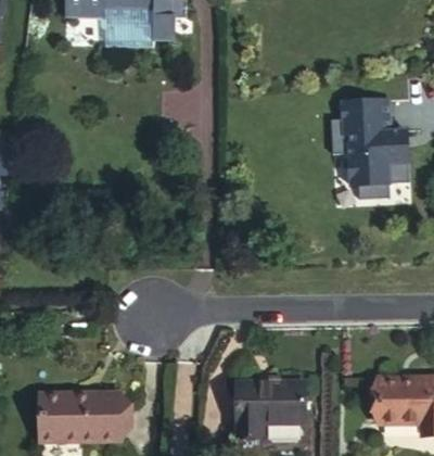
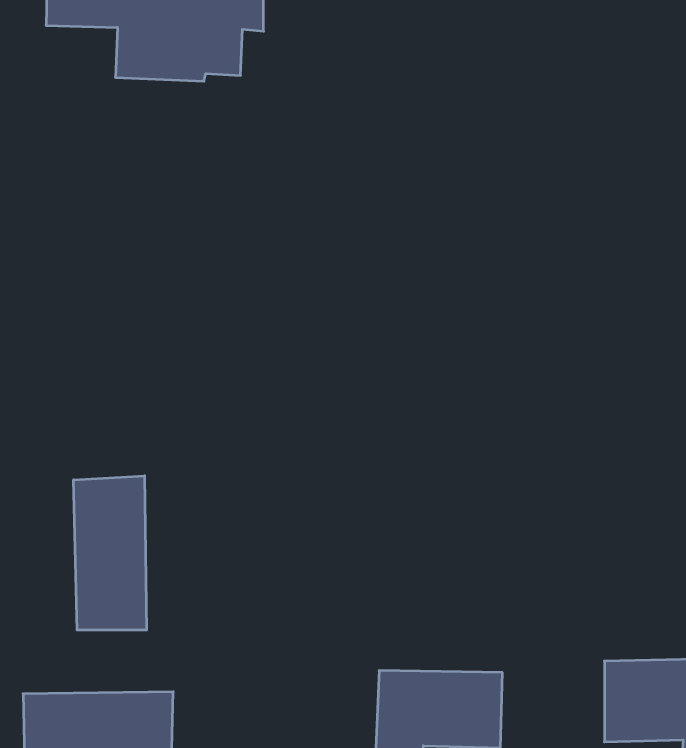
building: [332,97,410,200] -> none
building: none -> [74,476,147,630]

